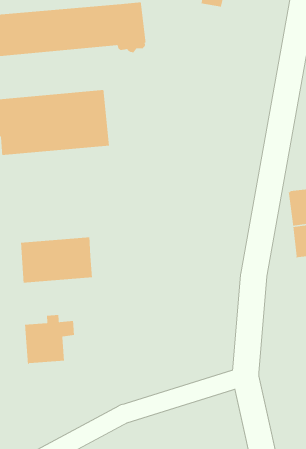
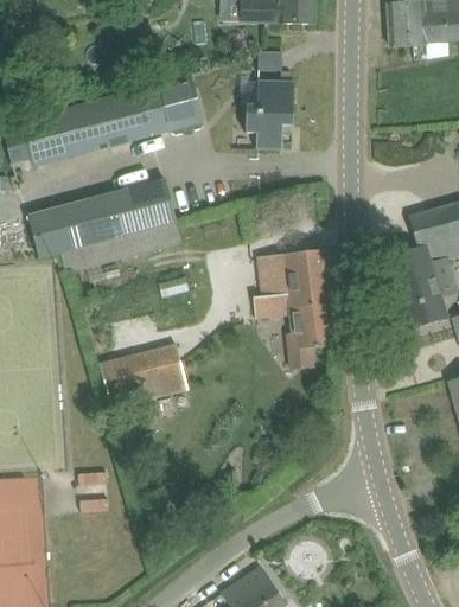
building: none -> [244,78,293,148]
building: none -> [251,249,338,370]
building: [24,314,75,365] -> none

